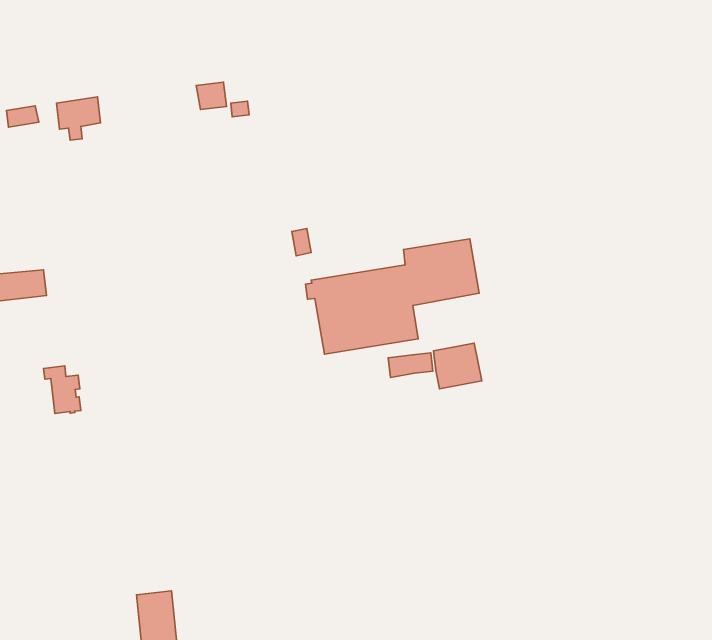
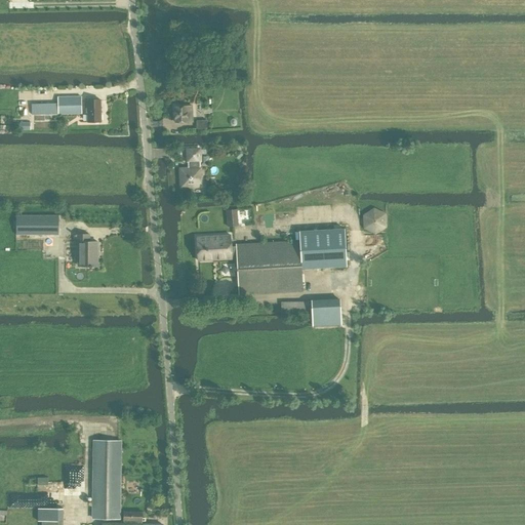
building: none -> [179,148,200,187]
building: none -> [363,208,385,233]
building: none -> [196,234,231,259]
building: [43,366,81,413] -> [74,234,96,266]

